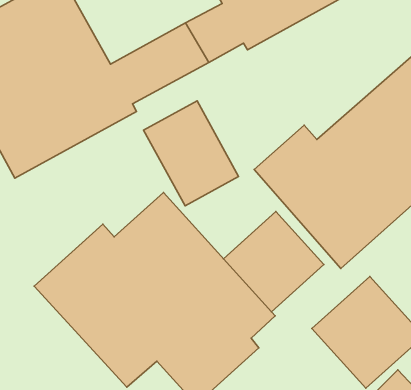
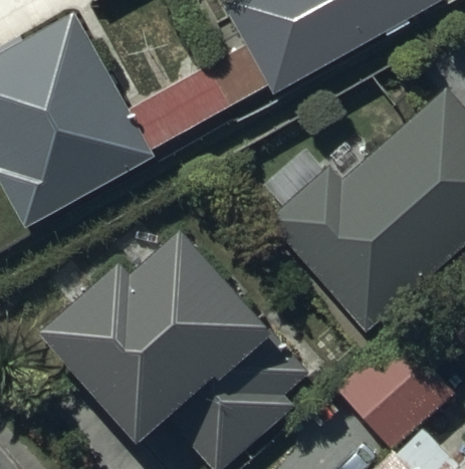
building: [144,101,239,206] -> none
building: [224,211,324,312] -> none

